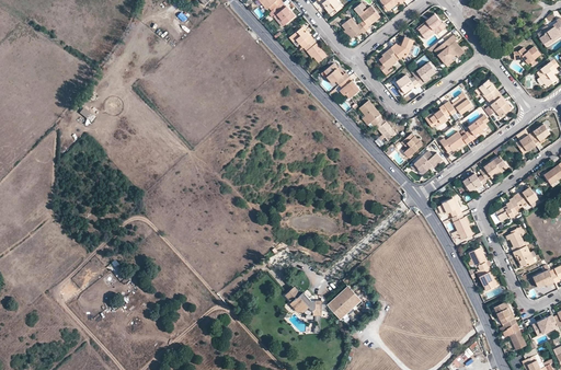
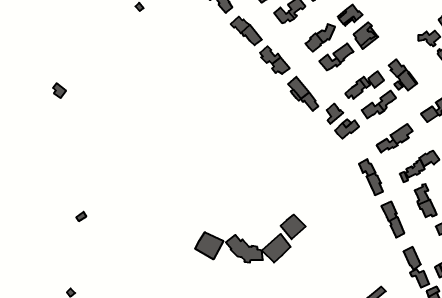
building: none -> [281,215,306,239]
building: none -> [195,232,223,259]

